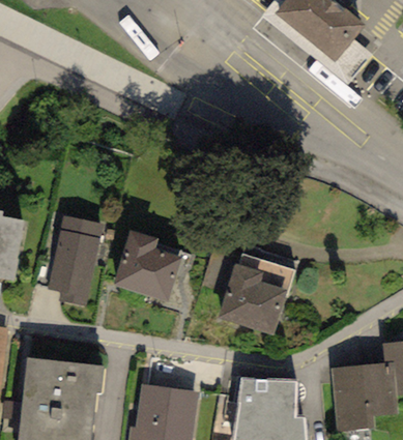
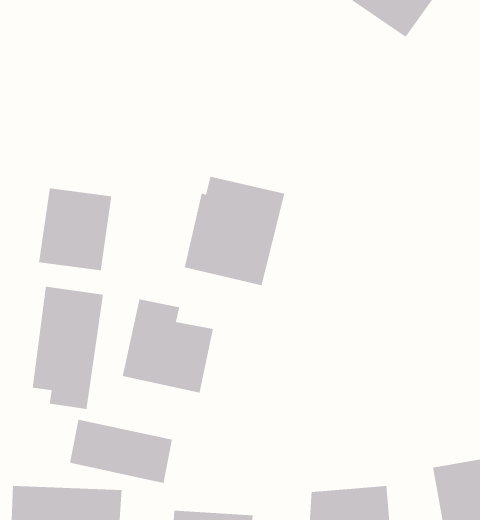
building: none -> [38,188,112,271]
building: [218,253,294,334] -> [184,176,285,286]
building: none -> [69,419,173,484]

